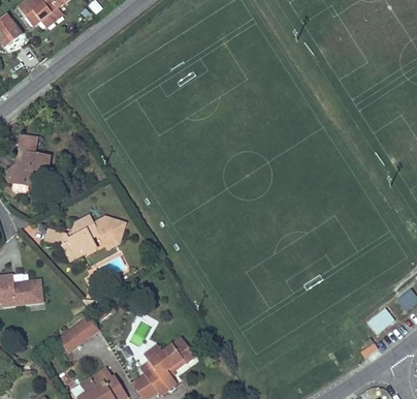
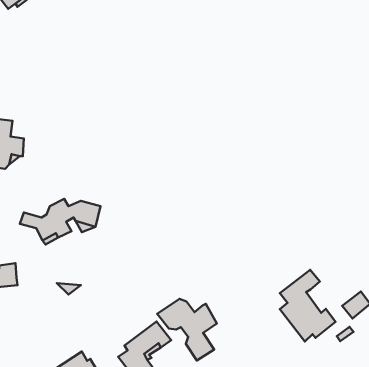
building: none -> [280,270,335,341]
building: none -> [157,299,217,360]
building: [57,315,99,351] -> none

